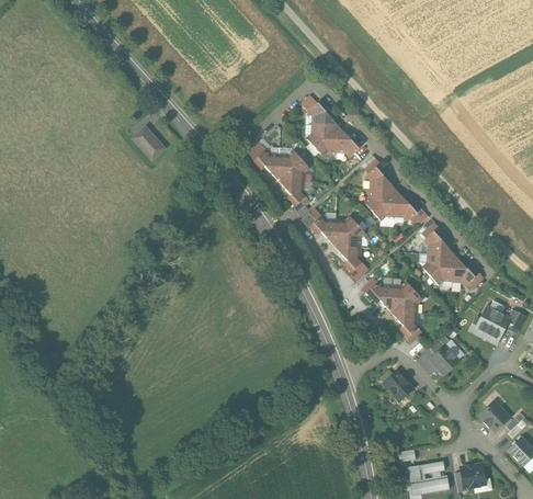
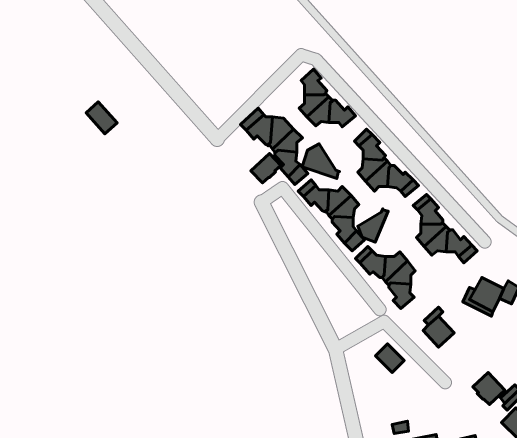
building: [133,127,163,159] -> [86,102,117,134]
building: none -> [302,144,339,178]
building: none -> [251,153,281,183]
building: none -> [358,209,388,242]

